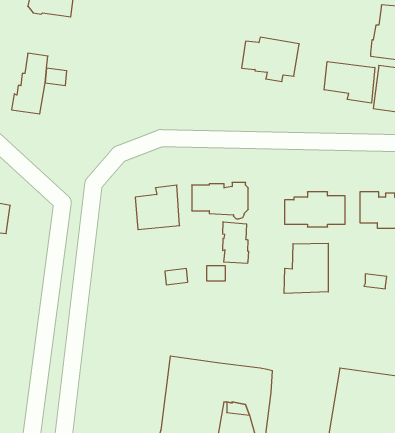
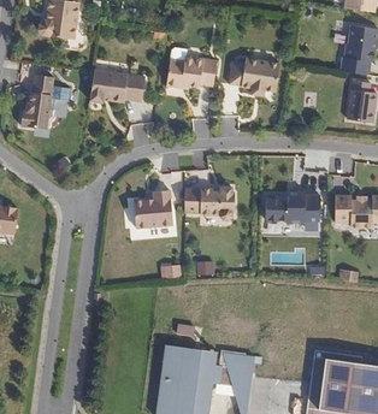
building: none -> [165,46,215,90]
building: none -> [90,69,146,102]
building: [324,62,375,103] -> none
building: [223,222,249,263] -> none
building: [284,243,328,293] -> none

